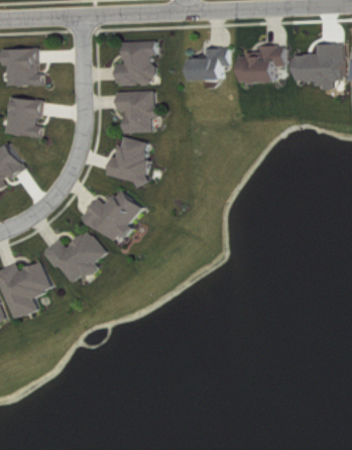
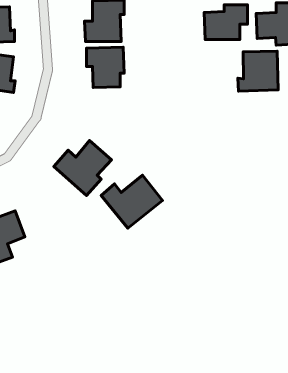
building: [191,48,229,81] -> none
building: none -> [238,51,278,91]
building: [106,136,149,186] -> none
building: [44,230,109,286] -> [101,175,163,228]

